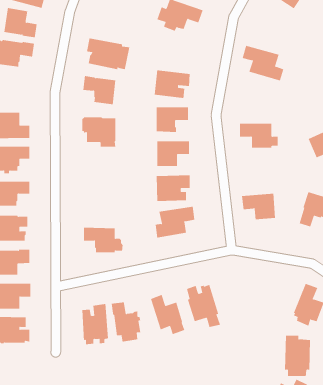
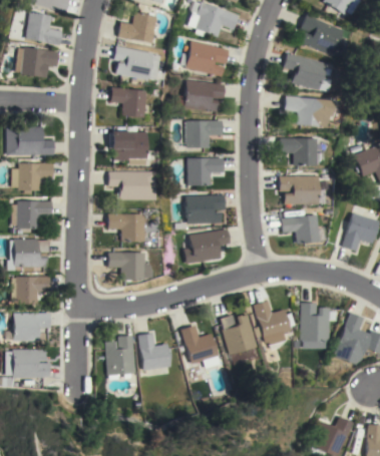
building: none -> [116,12,155,43]
building: none -> [297,14,339,55]
building: none -> [181,40,230,76]
building: none -> [283,95,329,129]
building: none -> [107,171,154,199]
building: none -> [280,175,324,204]
building: none -> [107,213,149,247]
building: none -> [254,301,290,345]
building: [284,335,311,377] -> [301,303,330,348]

